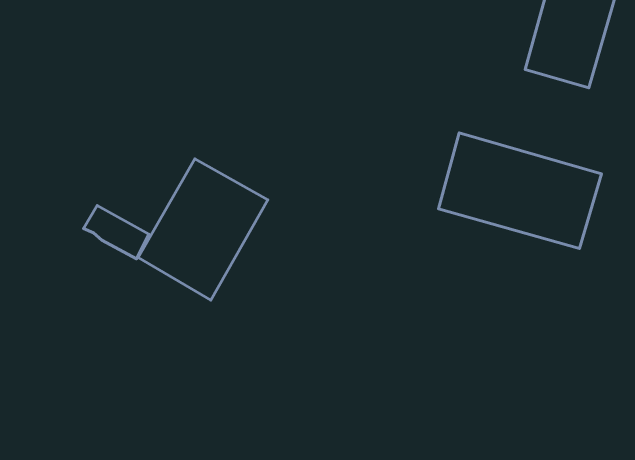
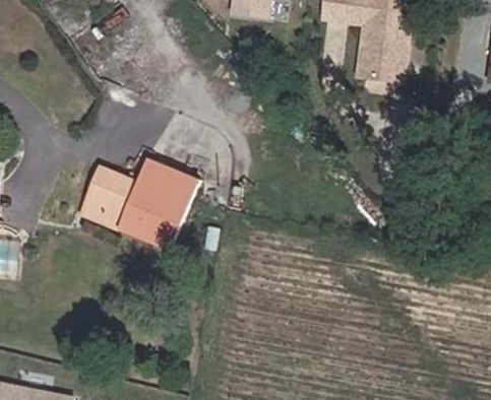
building: [439,133,601,248] -> none
building: none -> [85,171,134,214]

